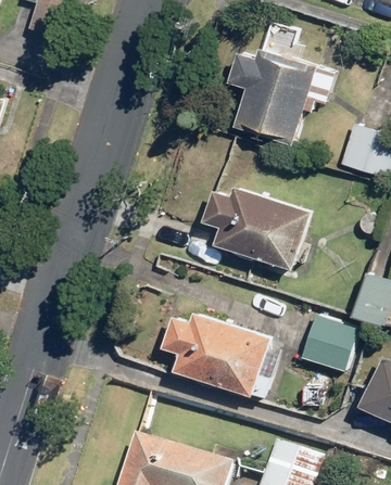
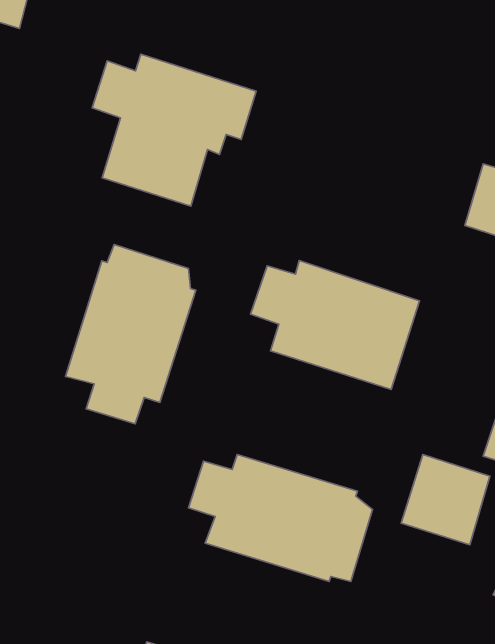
building: [227,48,333,146] -> [92,54,256,206]
building: none -> [65,244,196,424]

